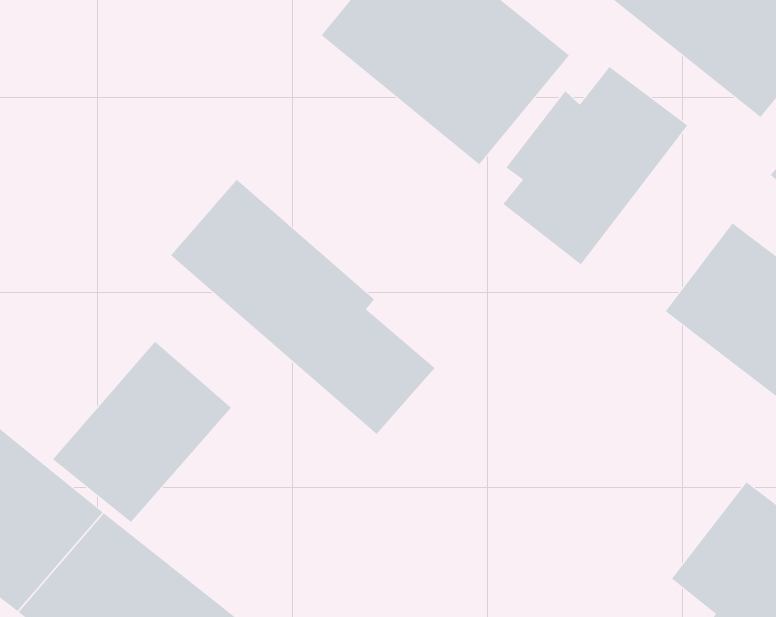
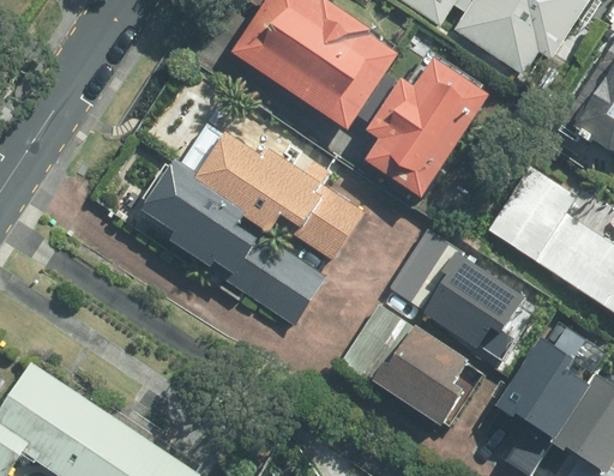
building: none -> [179,104,360,253]
building: [52,341,232,523] -> none
building: none -> [419,255,534,362]
building: none -> [373,330,475,430]

